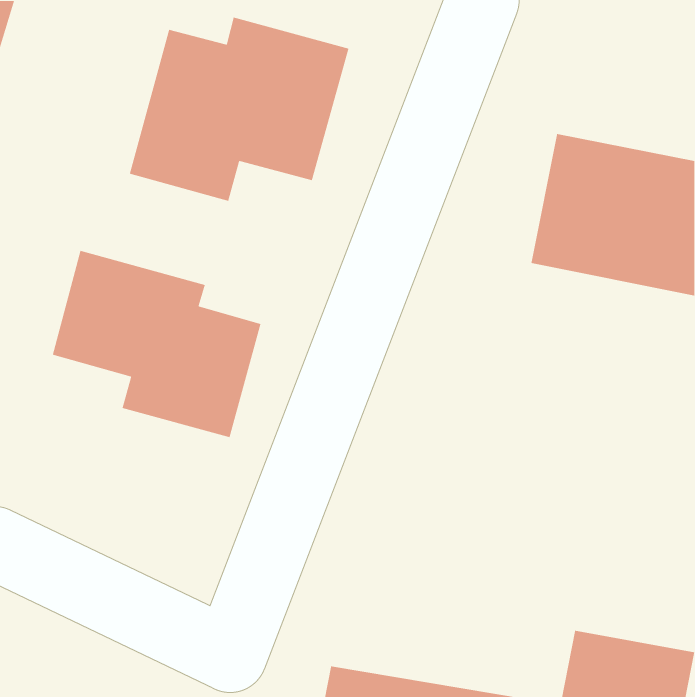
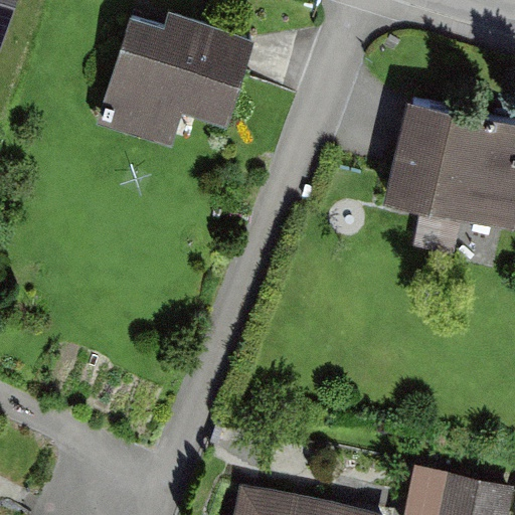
building: [52,250,261,438] -> none

